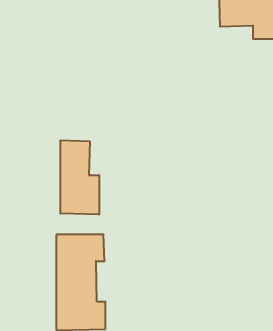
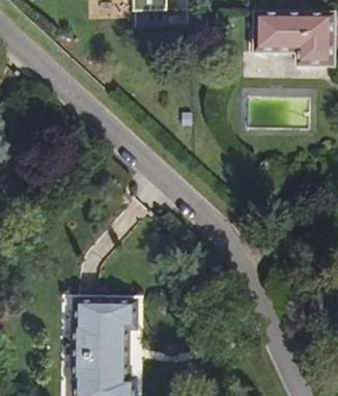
building: [61,140,99,215] -> none

